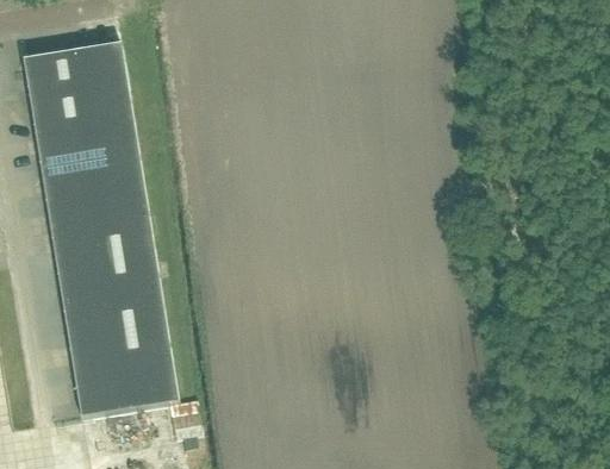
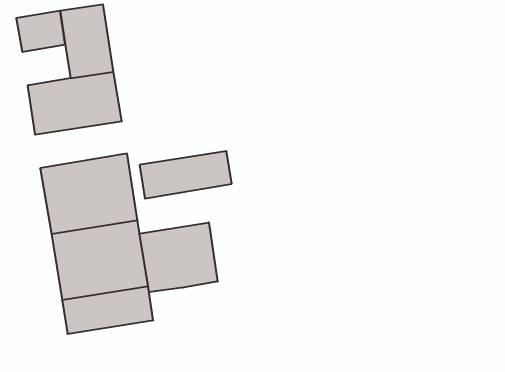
building: [29,87,83,133] -> none
building: [43,174,148,227] -> [140,151,232,198]
building: none -> [140,222,218,292]

